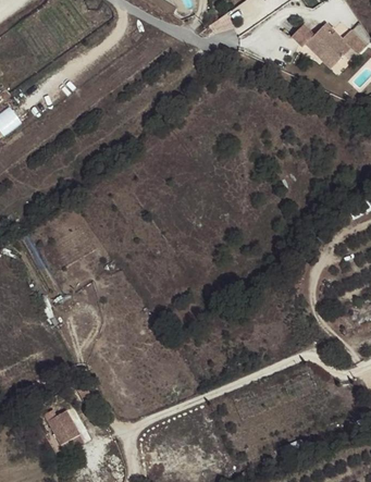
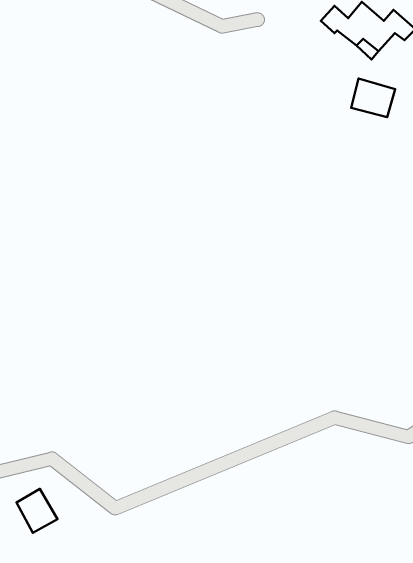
building: none -> [351,79,395,117]

